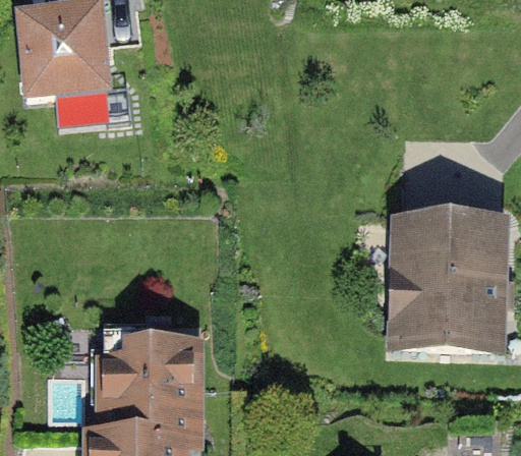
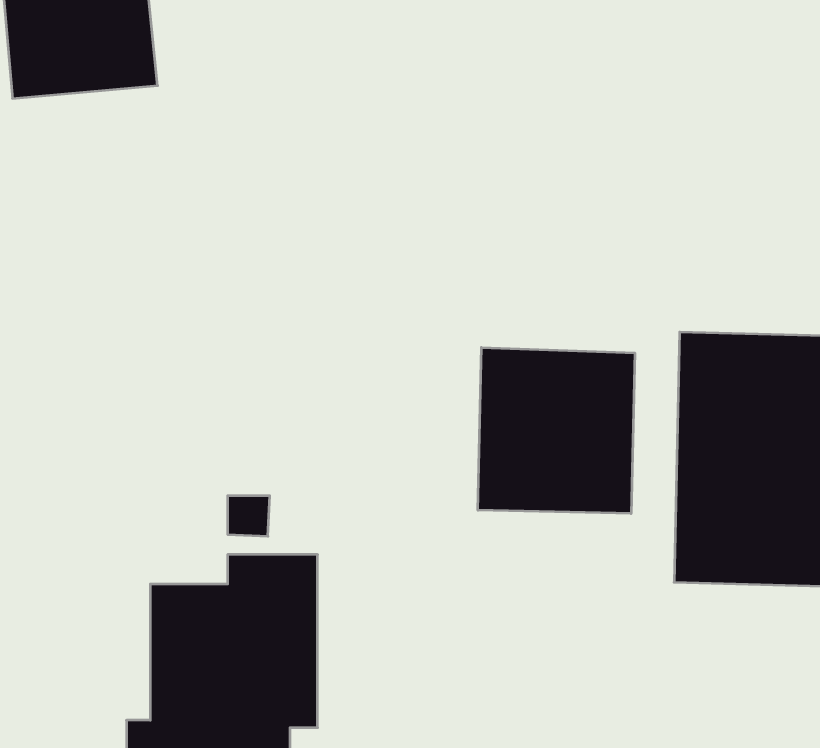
building: none -> [478,347,635,514]

